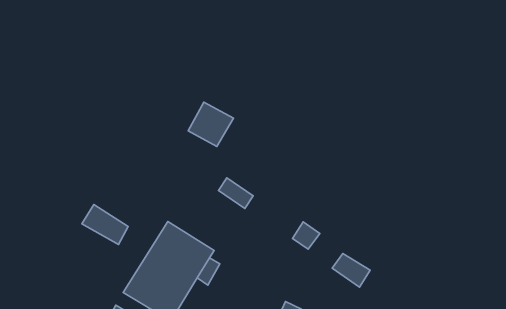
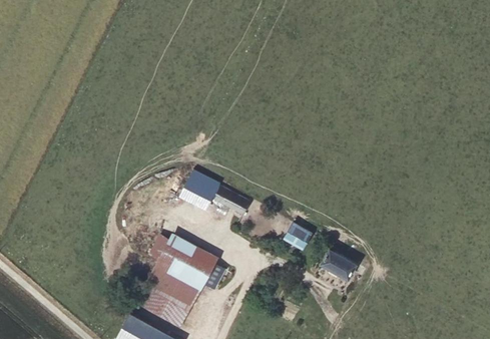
building: [188,102,234,147] -> [176,173,217,213]
building: [82,205,128,245] -> none

